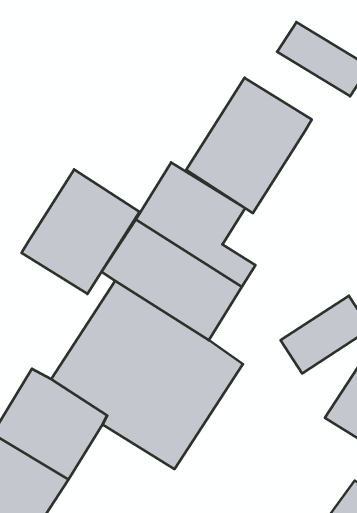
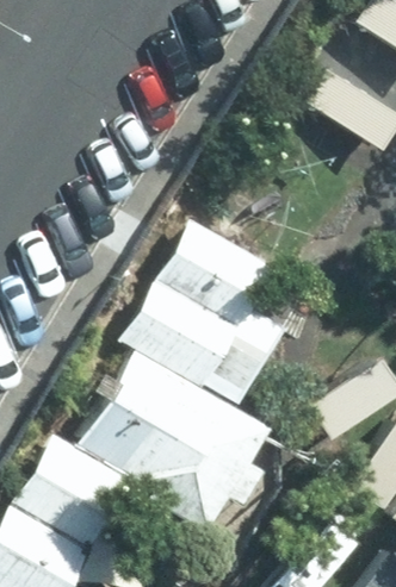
building: [186,78,312,213] -> none
building: [22,169,140,294] -> none

